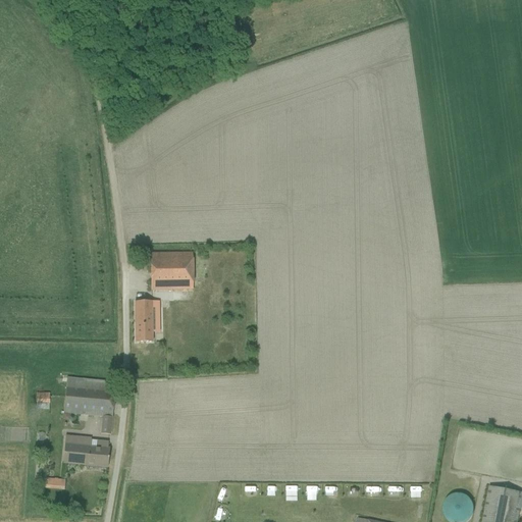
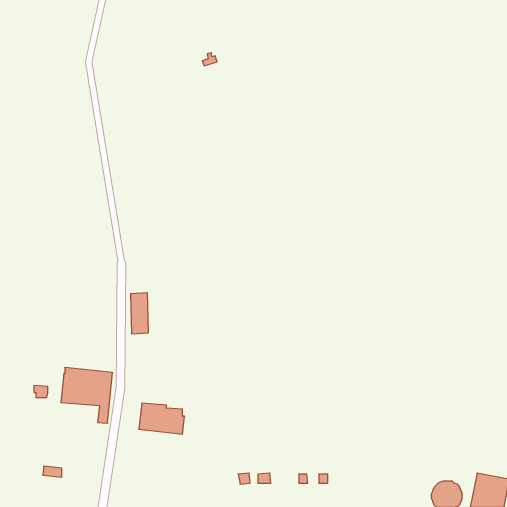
building: [152,252,195,289] -> none
building: [64,434,111,466] -> [139,403,185,434]

